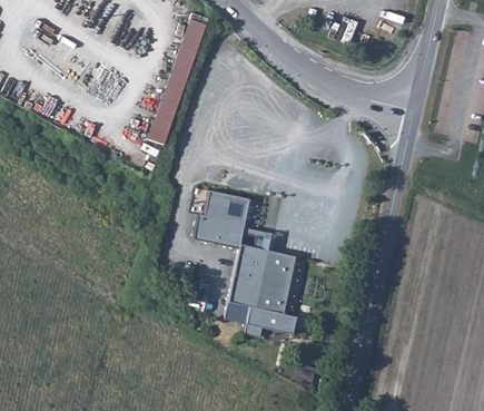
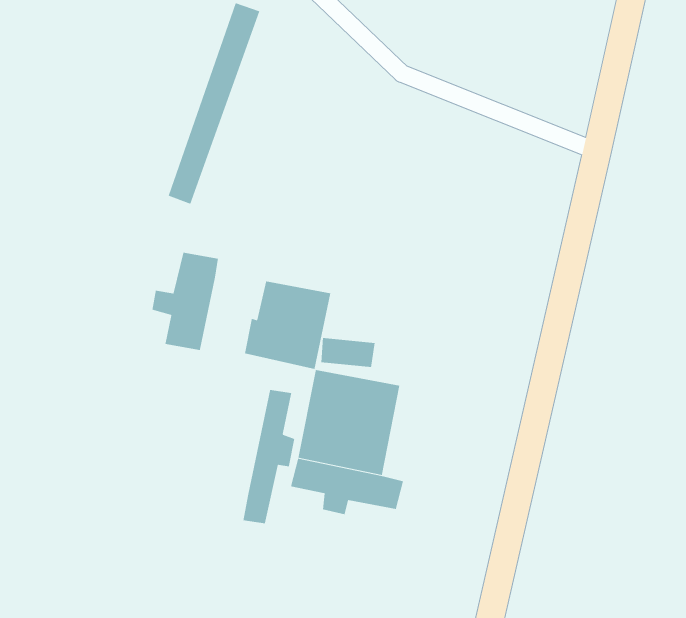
building: none -> [152,252,218,351]
building: none -> [243,389,295,524]

